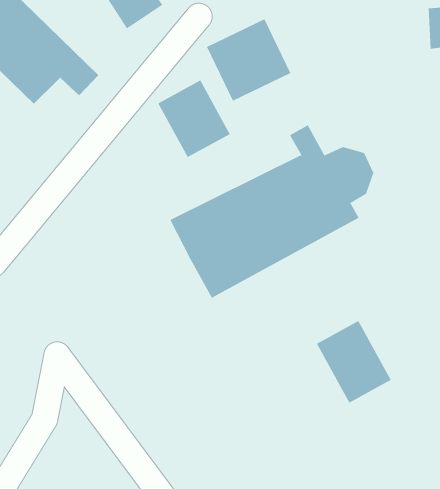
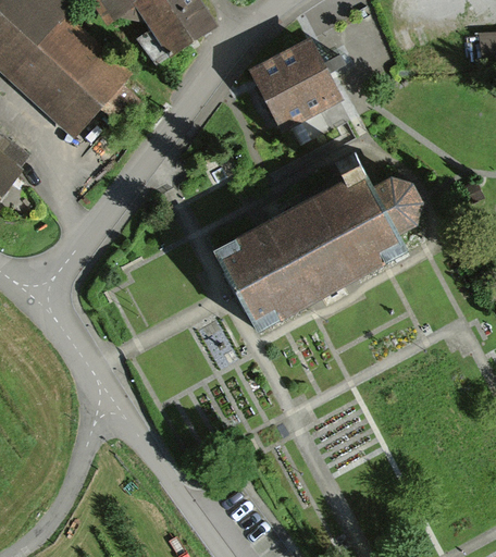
building: [158,80,231,158] -> none
building: [316,320,391,403] -> none

